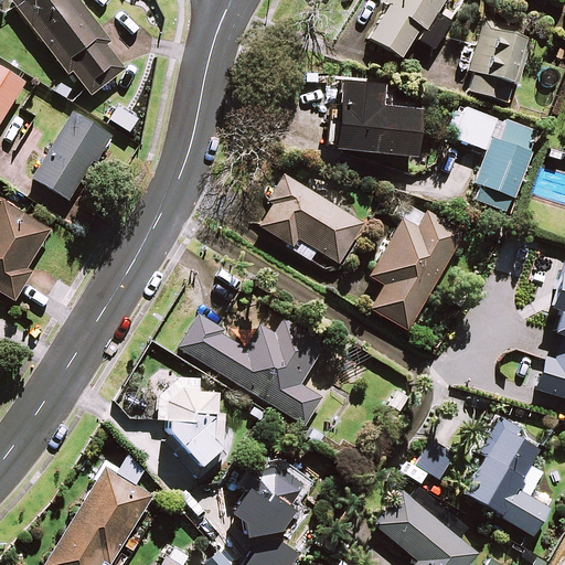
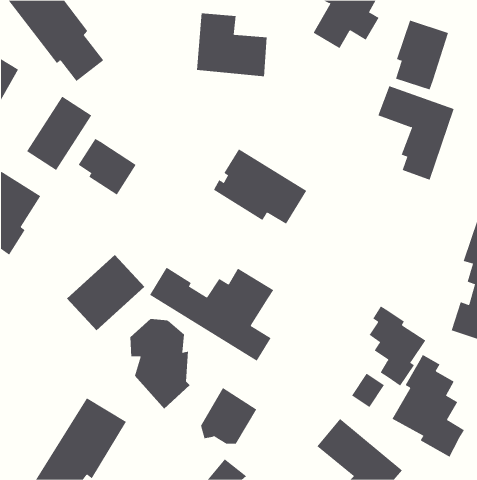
building: [333,81,417,156] -> [196,13,267,77]
building: none -> [78,138,136,195]
building: [370,213,463,330] -> none
building: none -> [66,254,145,331]
building: none -> [369,306,426,387]

